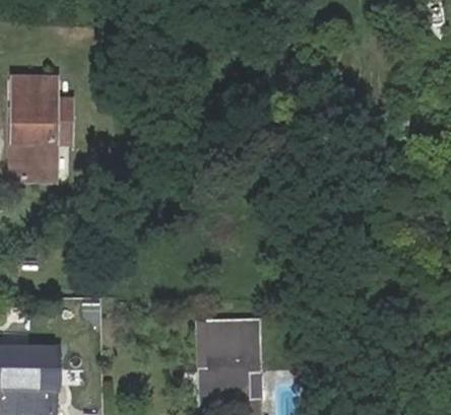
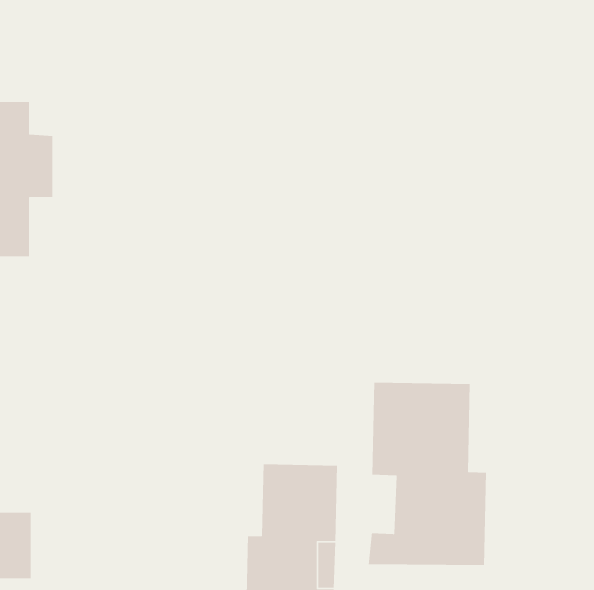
building: none -> [368,382,487,566]

